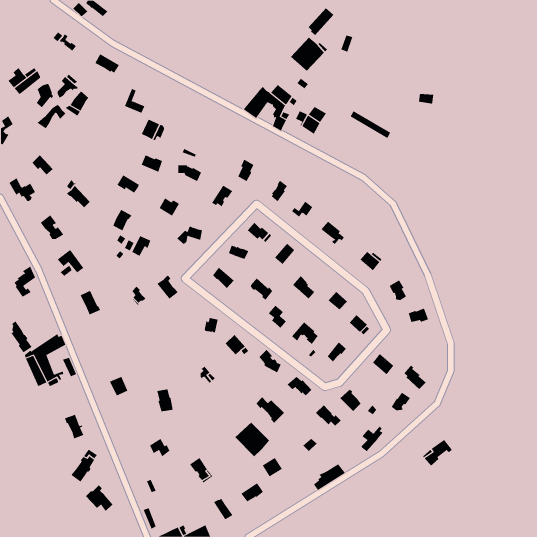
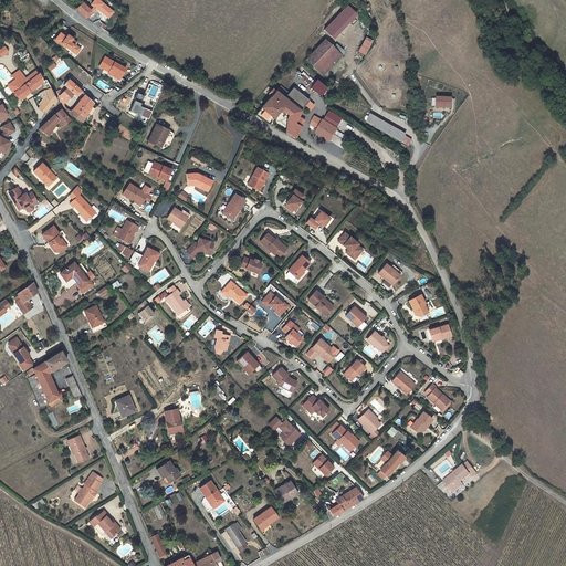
building: [234,422,270,457] -> none

